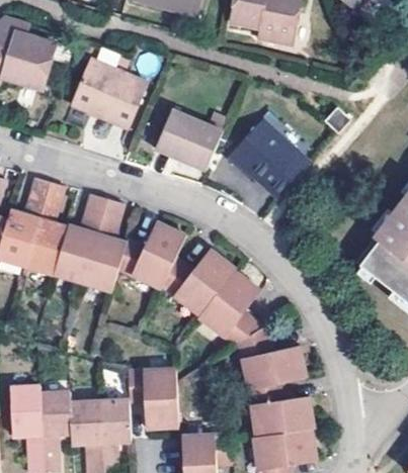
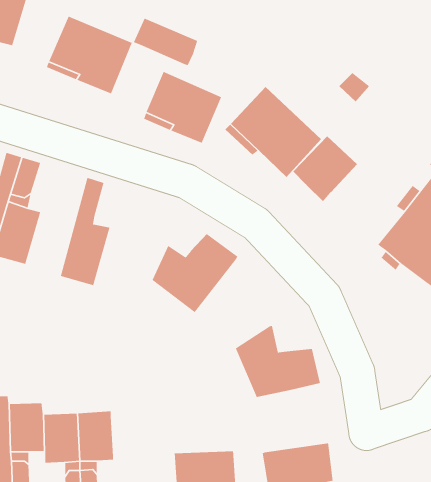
building: none -> [133,17,198,66]
building: none -> [292,136,358,202]
building: [54,193,106,284] -> none
building: [118,221,185,288] -> none
building: [198,270,263,346] -> none
building: [126,371,181,429] -> none
building: [252,382,317,435] -> none

